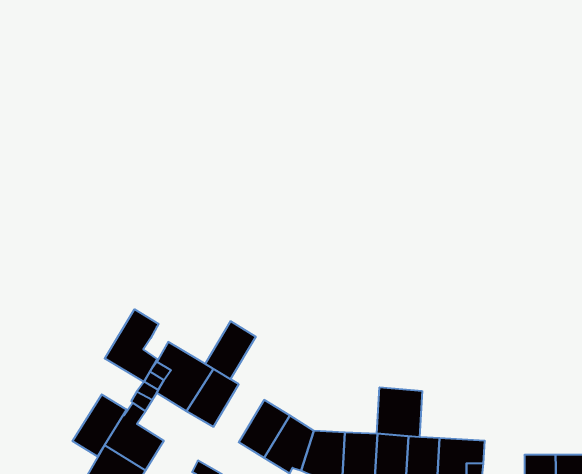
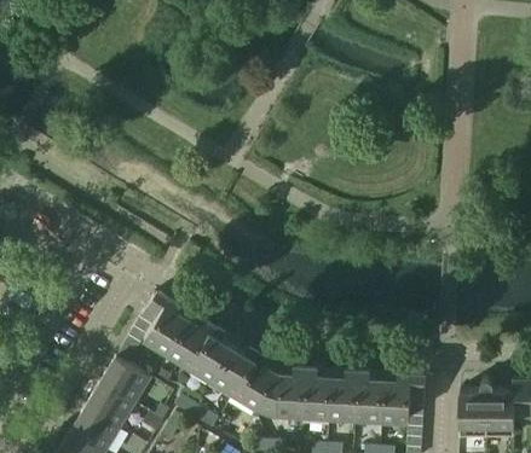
building: [105,309,159,382] -> none
building: [205,321,256,379] -> [194,330,237,379]
building: [377,387,422,437] -> none
building: [73,394,127,456] -> none

